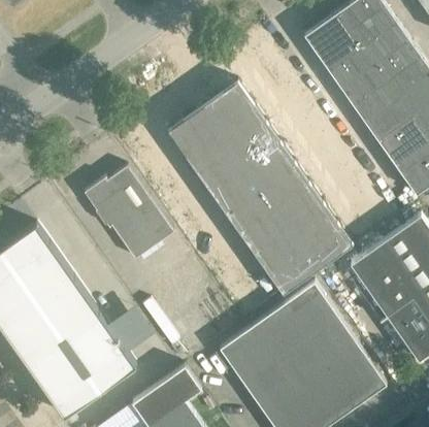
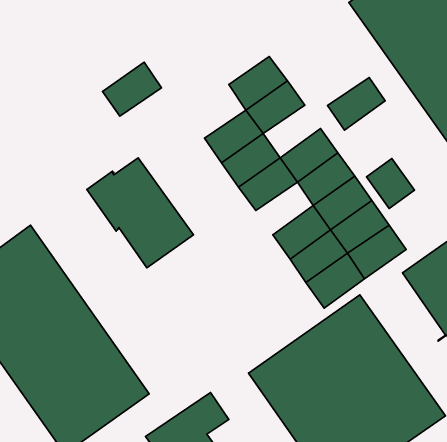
building: [168,105,218,151] -> [103,62,161,116]
building: [232,123,280,167] -> [328,77,385,130]
building: none -> [367,158,414,209]
building: [226,188,274,232] -> none

